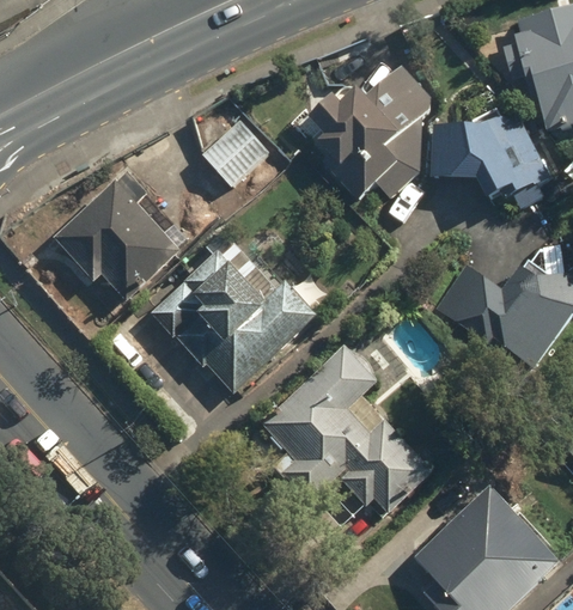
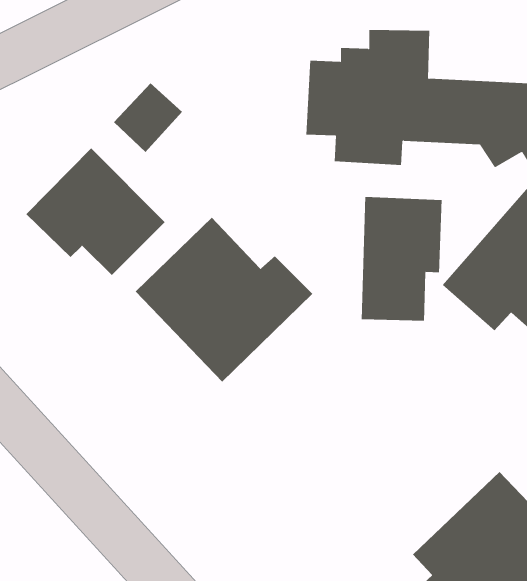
building: [201,120,266,185] -> [113,82,183,153]
building: none -> [361,196,442,322]
building: [260,337,427,513] -> none

